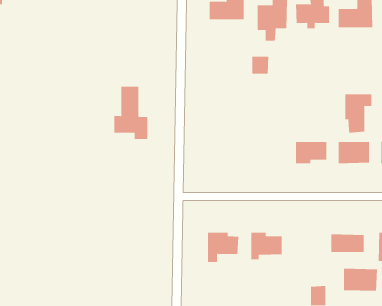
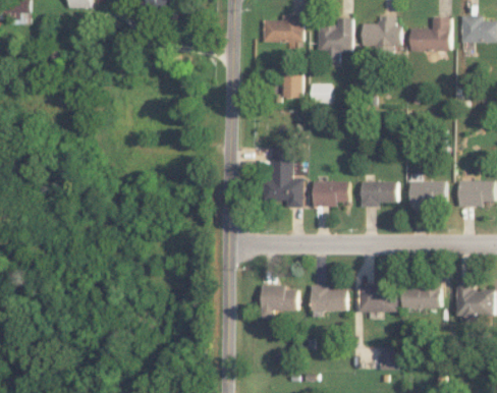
building: none -> [282,68,302,98]
building: [113,86,148,140] -> [263,146,302,207]
building: [345,94,372,133] -> none
building: none -> [313,181,349,207]
building: [343,268,378,291] -> [358,286,398,313]

